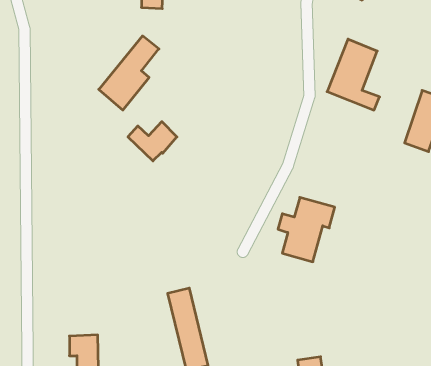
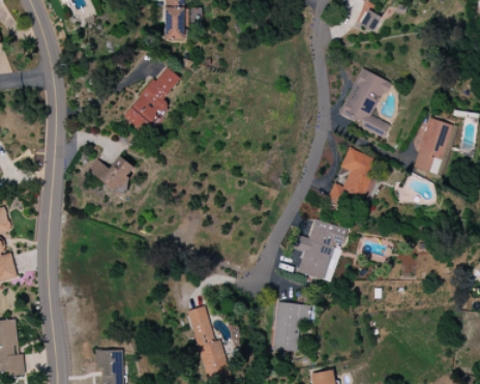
building: [128,122,177,161] -> [88,154,134,191]
building: none -> [327,147,380,211]
building: none -> [272,301,307,351]

